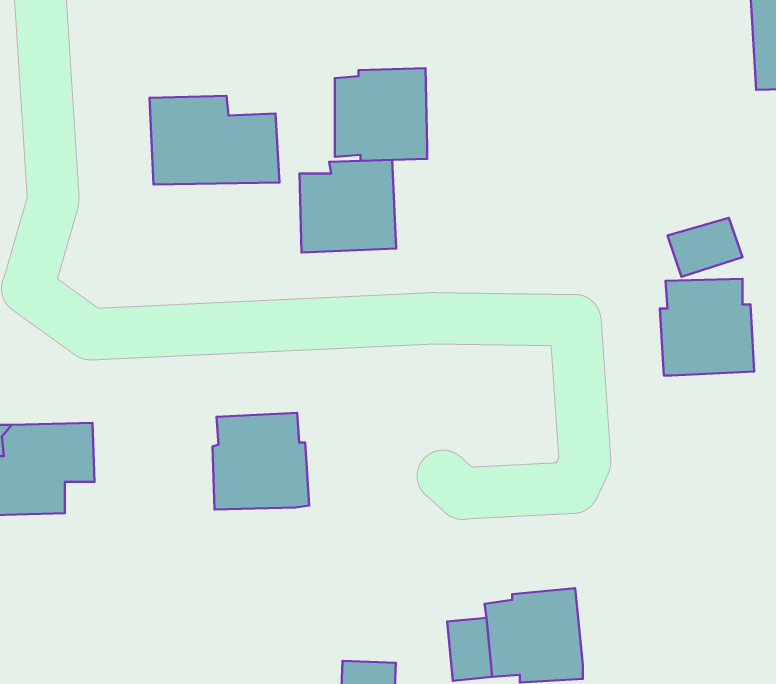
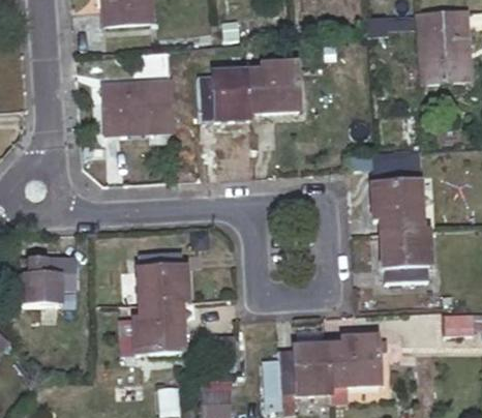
building: [300,160,396,252] -> [249,63,300,112]
building: none -> [379,230,429,281]
building: none -> [134,301,182,351]
building: none -> [328,333,383,384]

